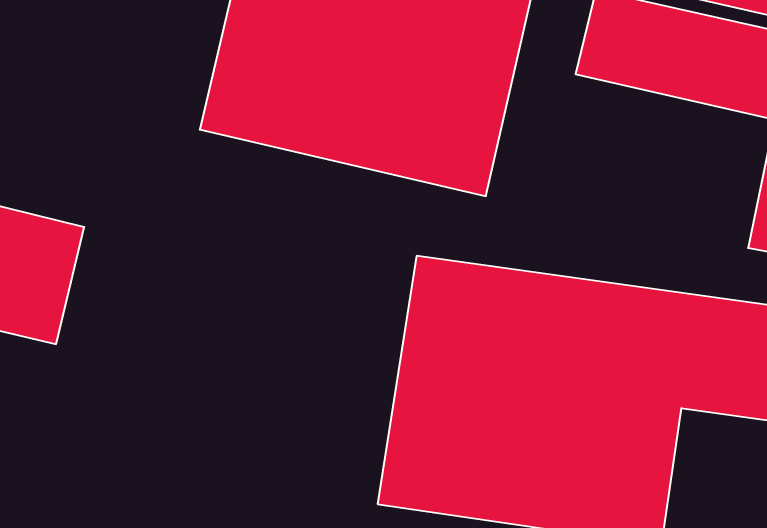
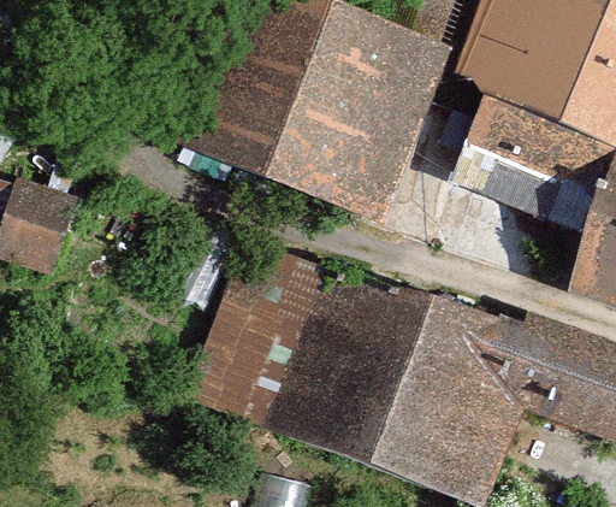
building: none -> [194,236,334,437]

